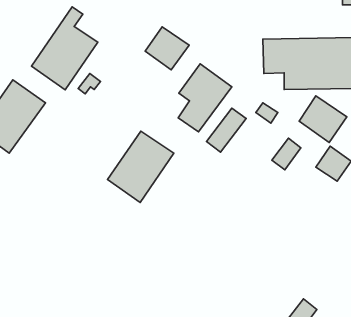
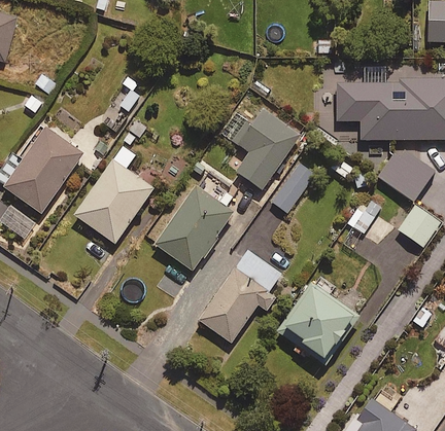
building: [32,7,98,90] -> [75,146,152,243]
building: [145,27,189,70] -> none
building: none -> [199,251,280,342]
building: none -> [277,283,356,359]

